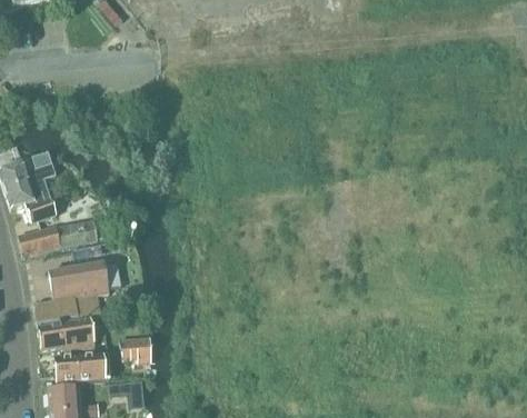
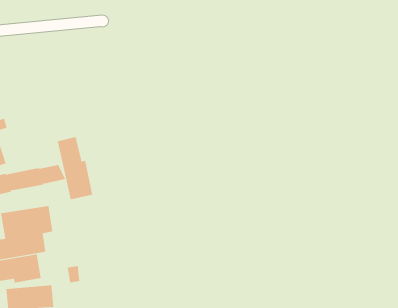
building: none -> [57,136,93,200]

